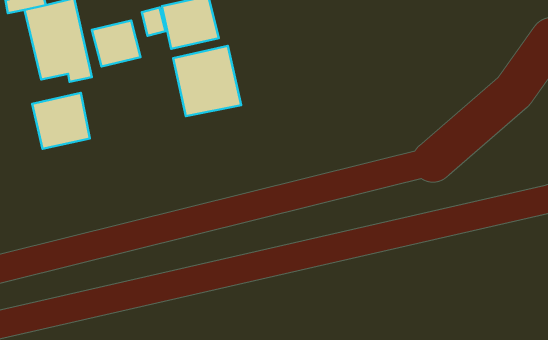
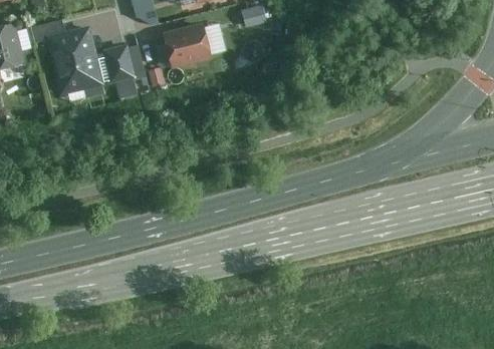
building: [173,46,241,116] -> none
building: [32,93,90,149] -> none

